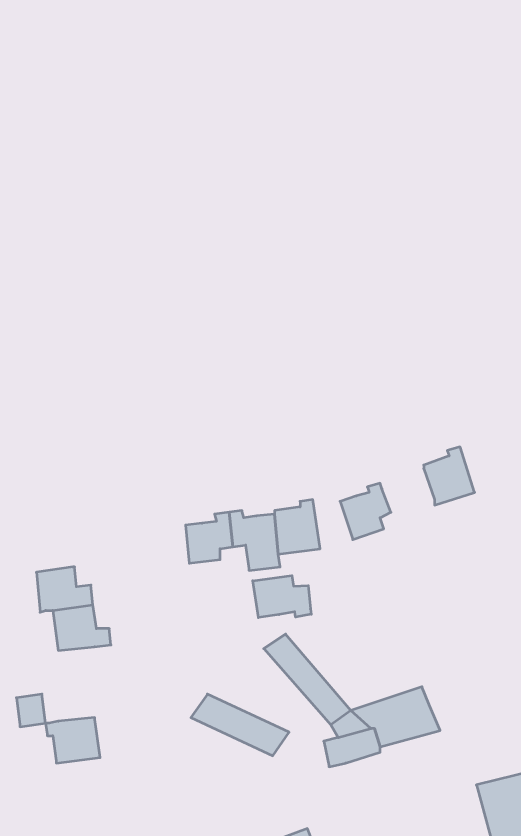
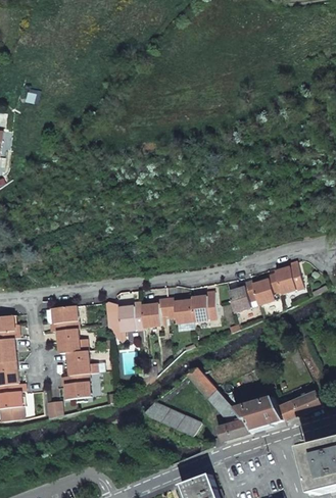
building: none -> [250,273,280,305]
building: none -> [105,301,142,332]
building: none -> [49,306,77,332]
building: [253,576,311,618] -> none
building: none -> [277,391,320,420]
building: [46,718,100,763] -> [61,374,92,399]

